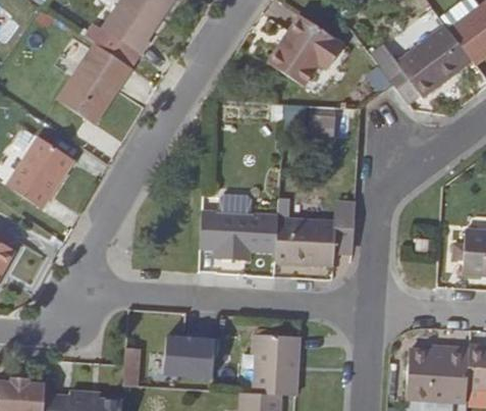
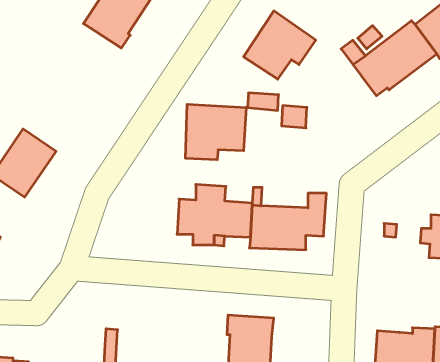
building: [54,44,131,127] -> none
building: none -> [186,104,246,160]
building: [164,335,216,375] -> none

